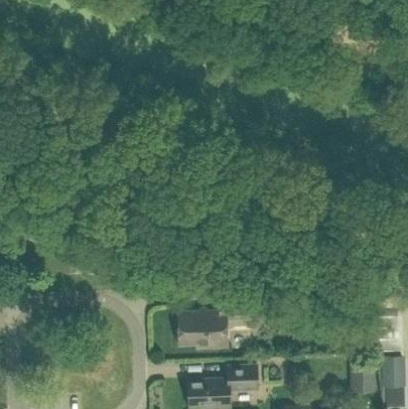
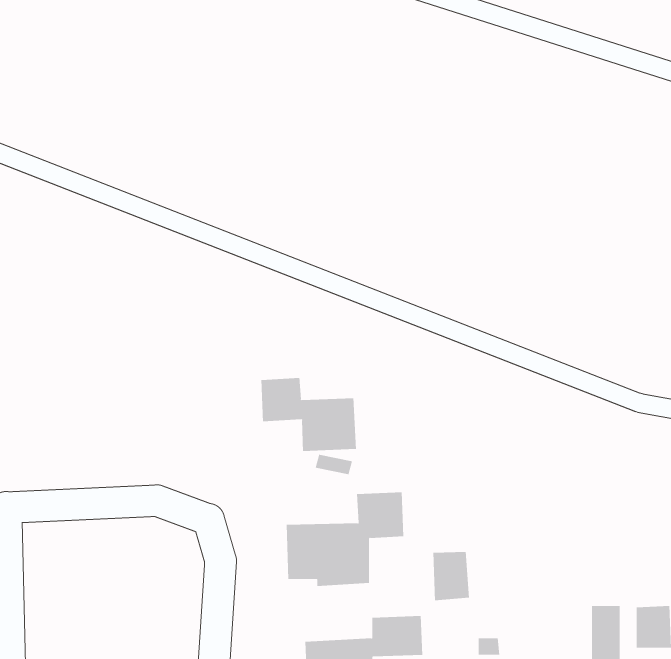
building: none -> [261,377,356,452]
building: none -> [433,551,469,601]

